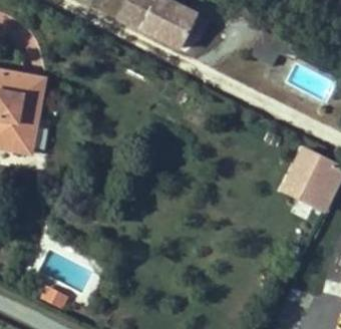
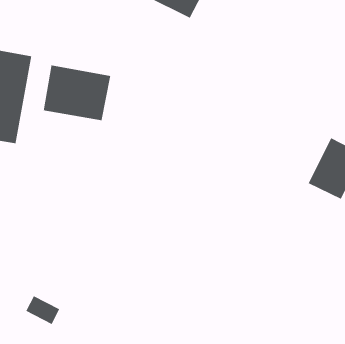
building: none -> [43,64,111,121]

